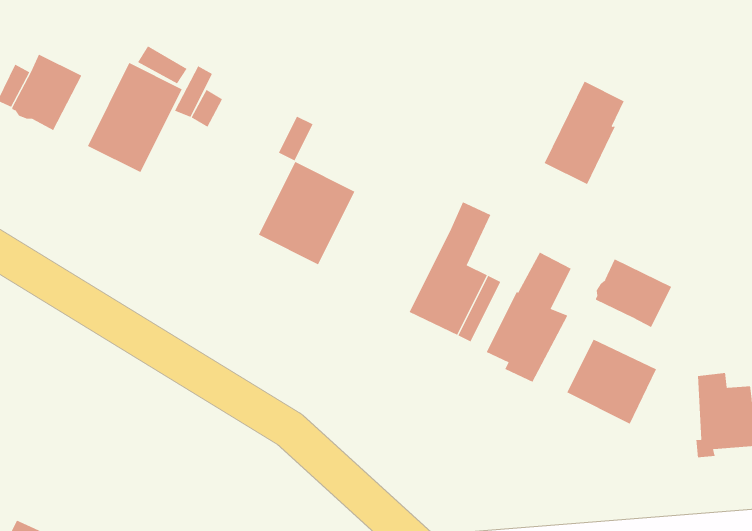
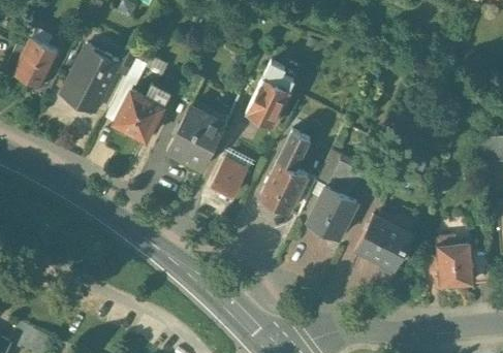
building: [544,81,624,185] -> [246,63,295,127]
building: none -> [114,85,169,140]
building: none -> [212,160,247,196]
building: [595,259,672,328] -> none

